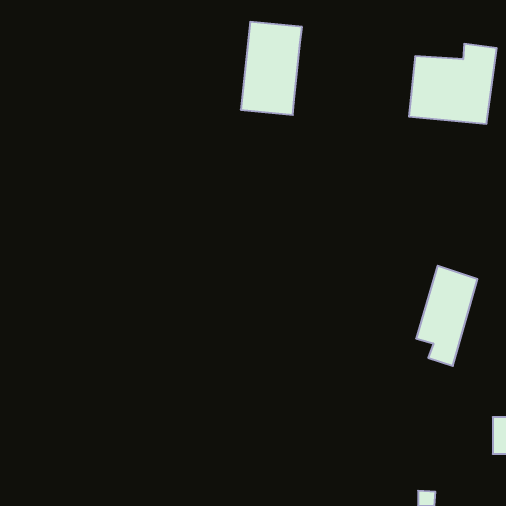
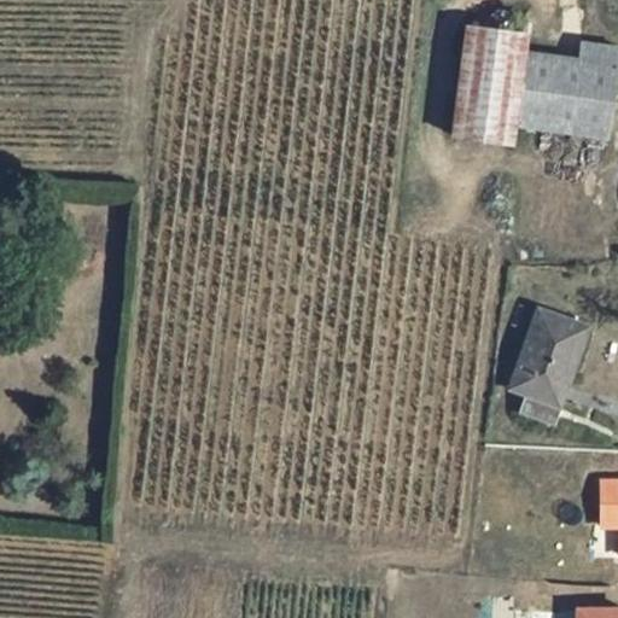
building: [241,22,302,115] -> [439,42,512,152]

